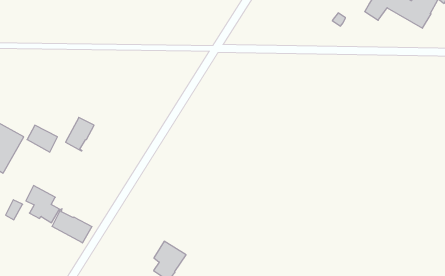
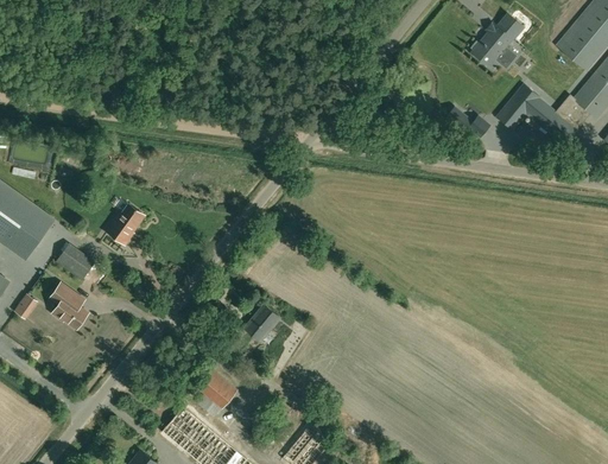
building: [27,125,57,152] -> [57,246,95,281]
building: none -> [245,305,280,342]
building: [52,209,92,243] -> none

